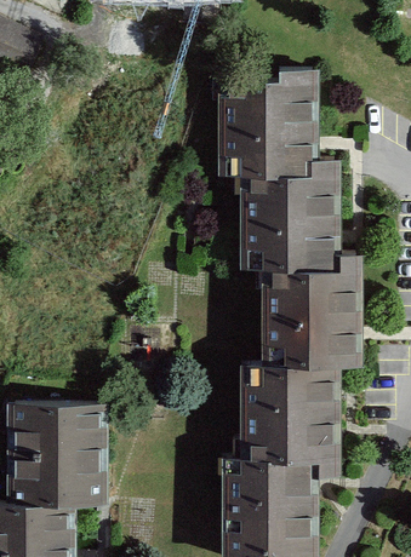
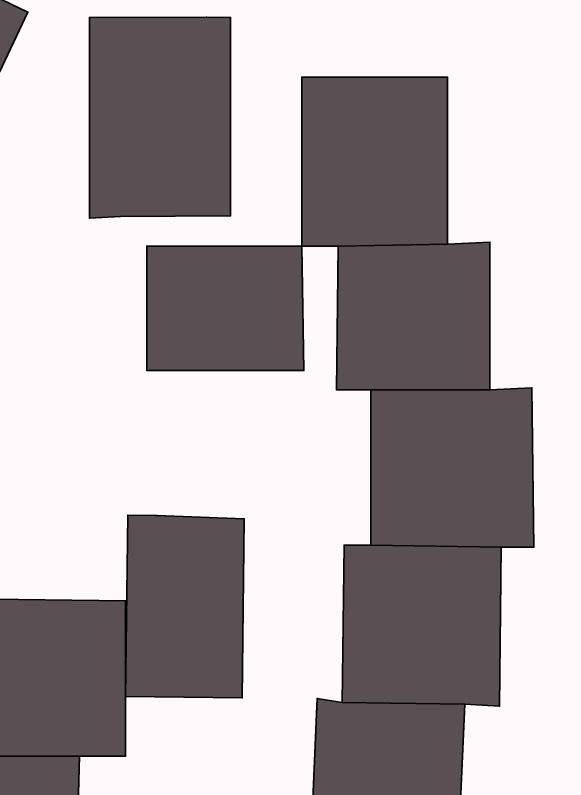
building: none -> [89,17,230,218]
building: none -> [147,246,304,370]
building: none -> [126,515,244,698]

